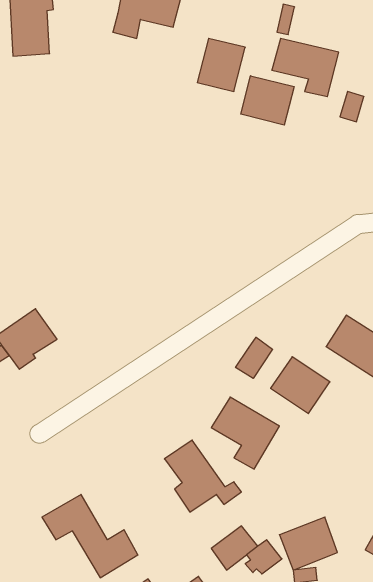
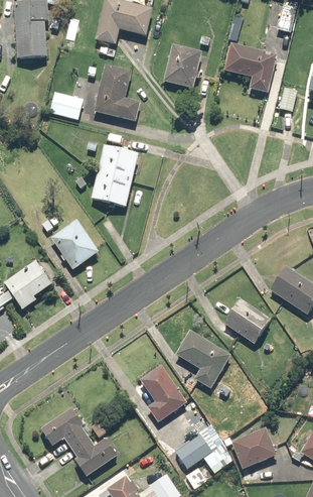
building: none -> [94,66,139,121]
building: [241,76,294,125] -> none
building: none -> [48,91,83,121]
building: none -> [91,146,138,207]
building: none -> [51,220,100,269]
building: [236,337,273,378] -> none

